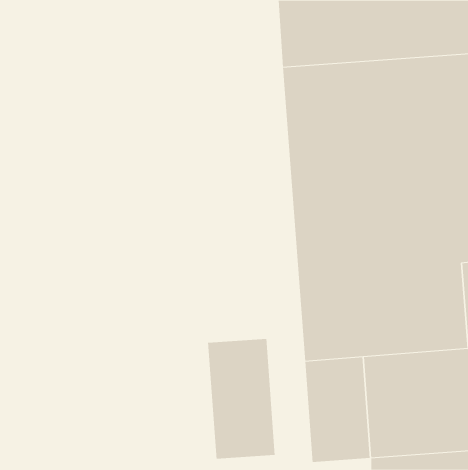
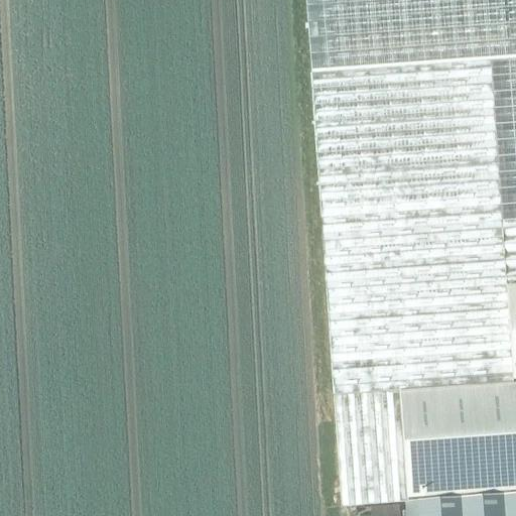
building: [208,338,275,459] -> none

